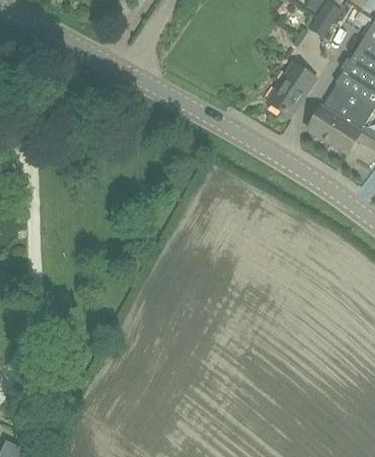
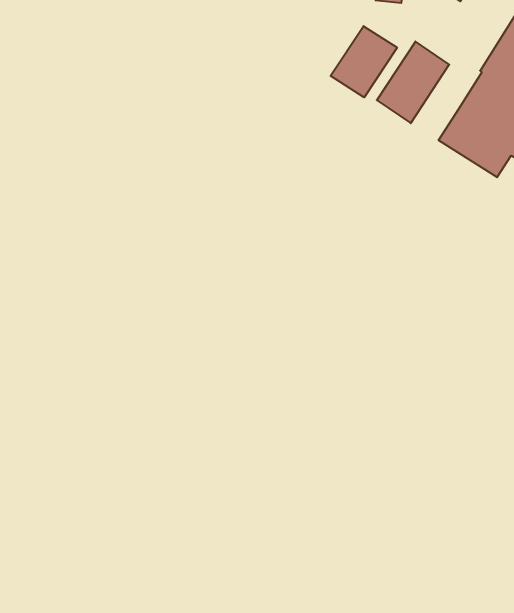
building: none -> [331,26,397,97]

